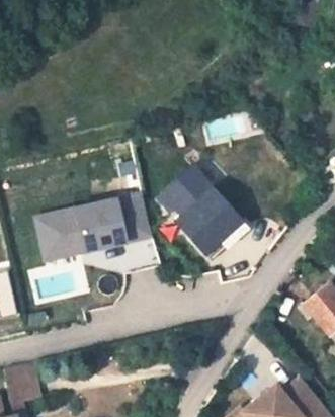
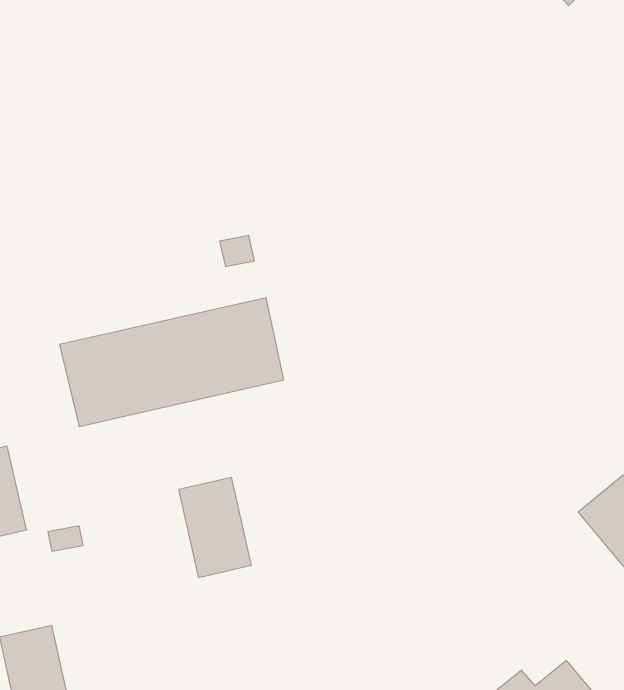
building: [162,167,247,253] -> none
building: none -> [179,477,251,578]

